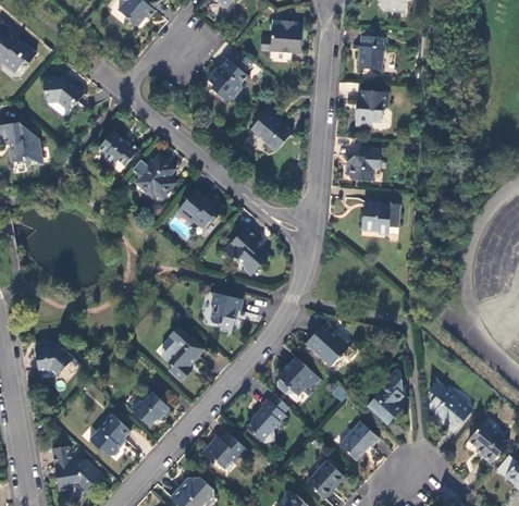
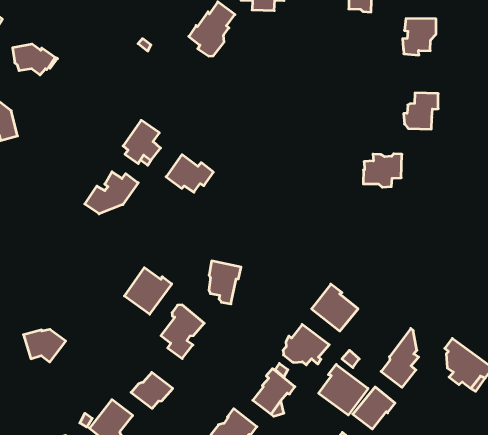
building: [356,91,388,126] -> [403,19,436,55]
building: [251,113,293,152] -> none
building: [99,132,137,166] -> none
building: [348,147,382,182] -> [404,93,438,129]
building: none -> [85,172,138,214]
building: [224,229,270,274] -> none
building: none -> [124,268,172,314]
building: none -> [319,364,368,415]

